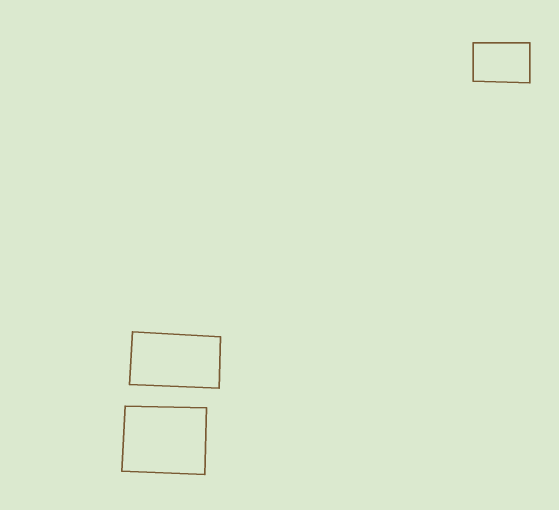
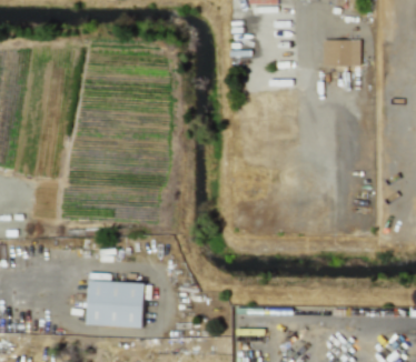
building: [129,332,220,388] -> none

